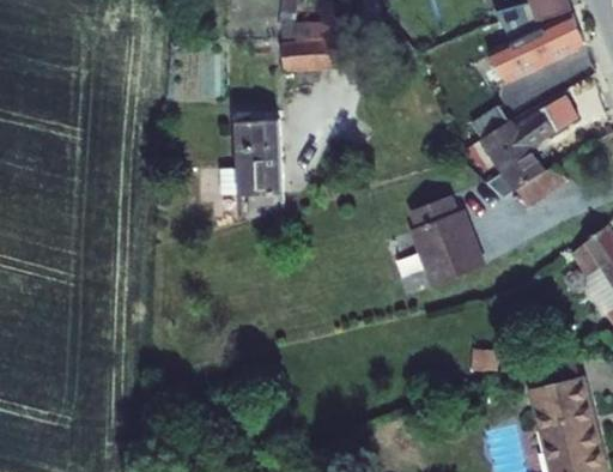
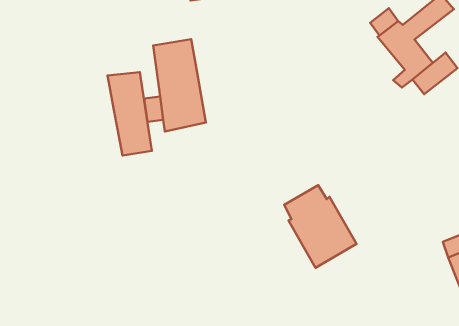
building: none -> [108,72,152,156]
building: [412,195,486,286] -> [284,185,356,268]

